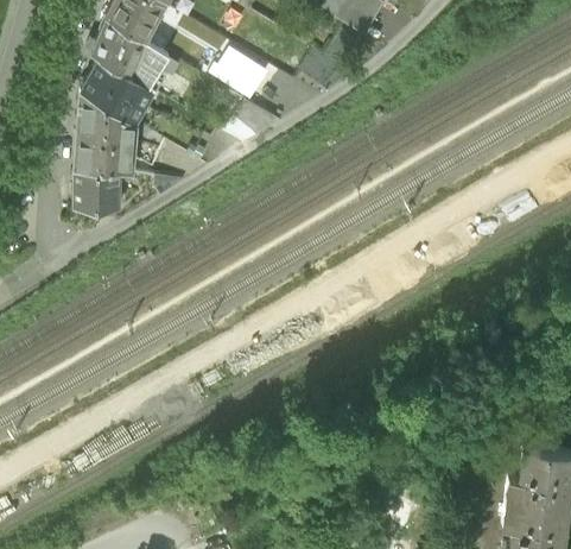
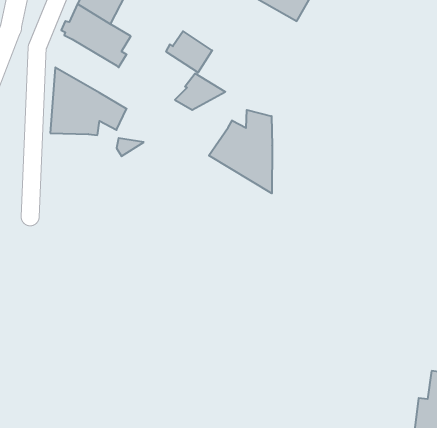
building: [81,53,153,116] -> none
building: none -> [209,110,272,193]
building: [75,164,137,213] -> none

